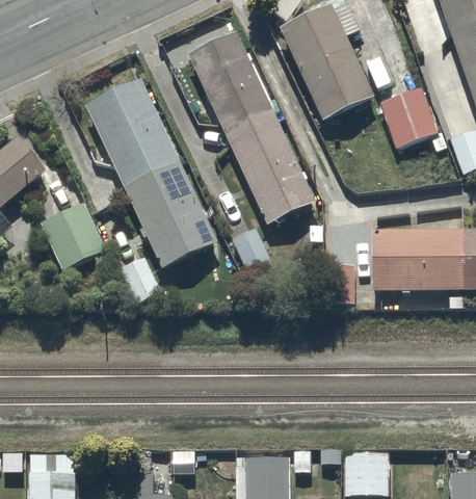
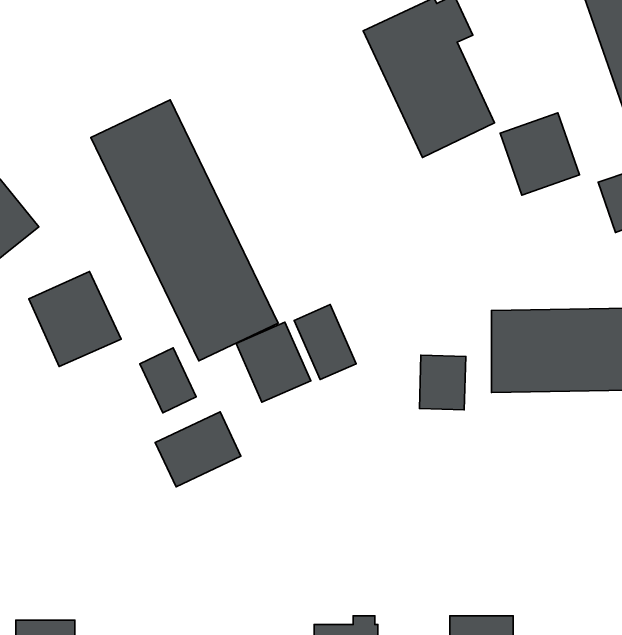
building: [187,31,315,224] -> none
building: none -> [236,322,311,402]
building: none -> [155,412,241,487]

